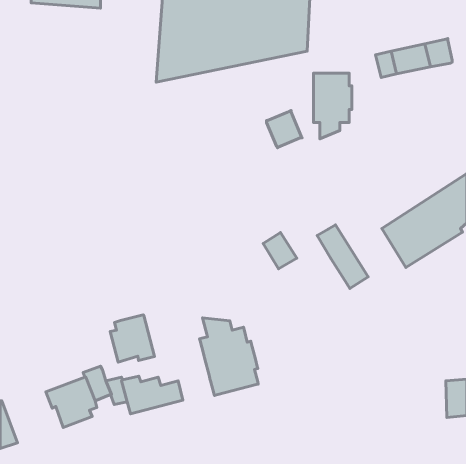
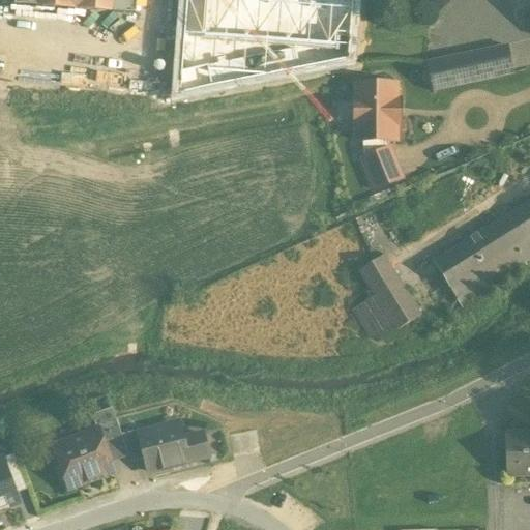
building: [266,110,302,148] -> [362,146,403,188]
building: [263,232,297,269] -> [356,293,394,334]
building: [110,315,155,362] -> none
building: [200,318,258,396] -> none

